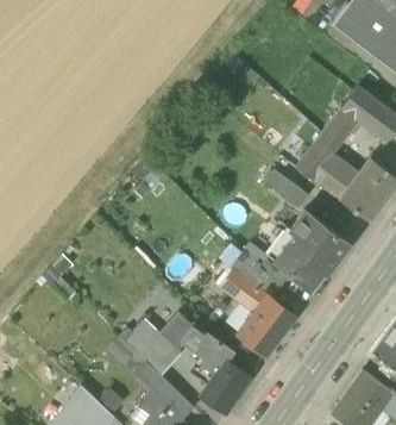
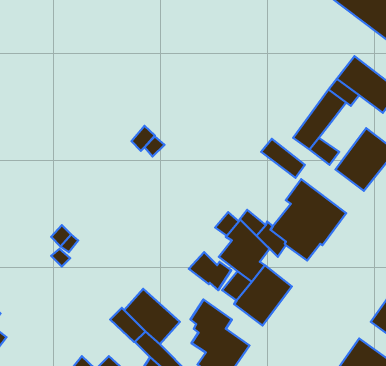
building: [322,152,359,200] -> none
building: [163,313,206,351] -> [189,252,231,290]

